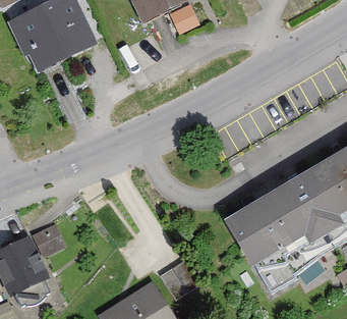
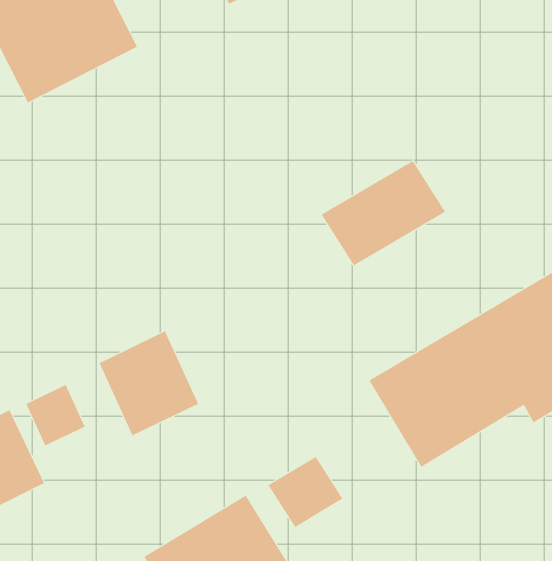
building: none -> [321,160,446,266]
building: none -> [99,331,199,436]

